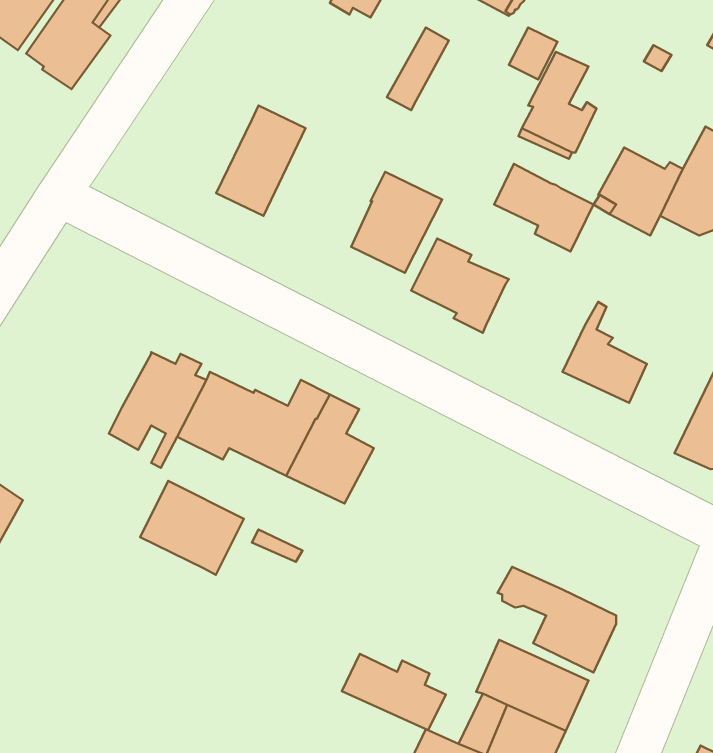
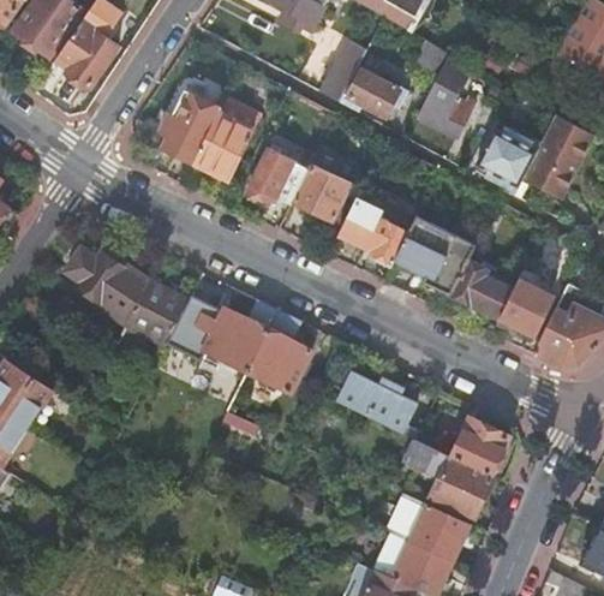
building: none -> [339,70,399,115]
building: none -> [159,90,221,162]
building: [494,164,593,252] -> [394,230,467,294]
building: none -> [247,149,310,204]
building: none -> [64,248,146,321]
building: none -> [495,268,555,334]
building: [140,481,244,575] -> none
building: none -> [450,417,508,475]
building: [342,654,446,730] -> [336,374,413,430]

